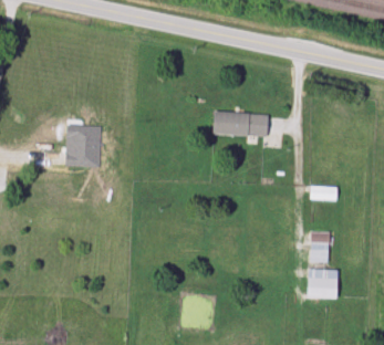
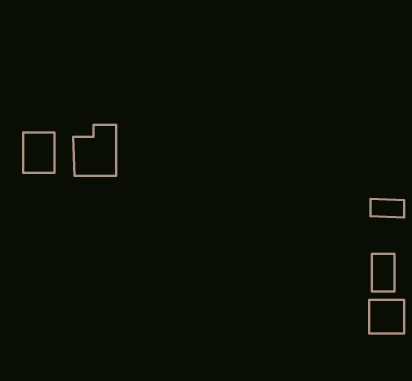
building: [214,112,268,136] -> none
building: none -> [23,132,54,173]

